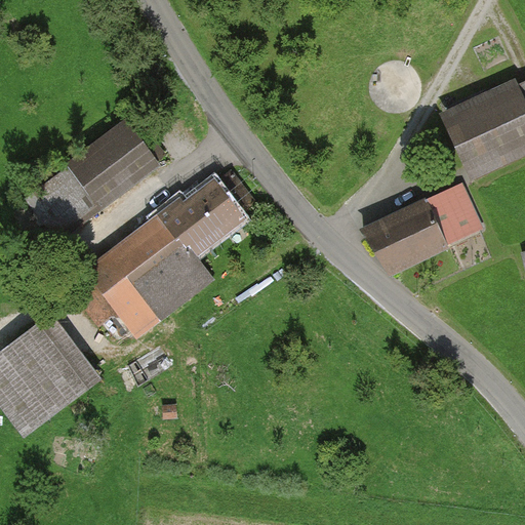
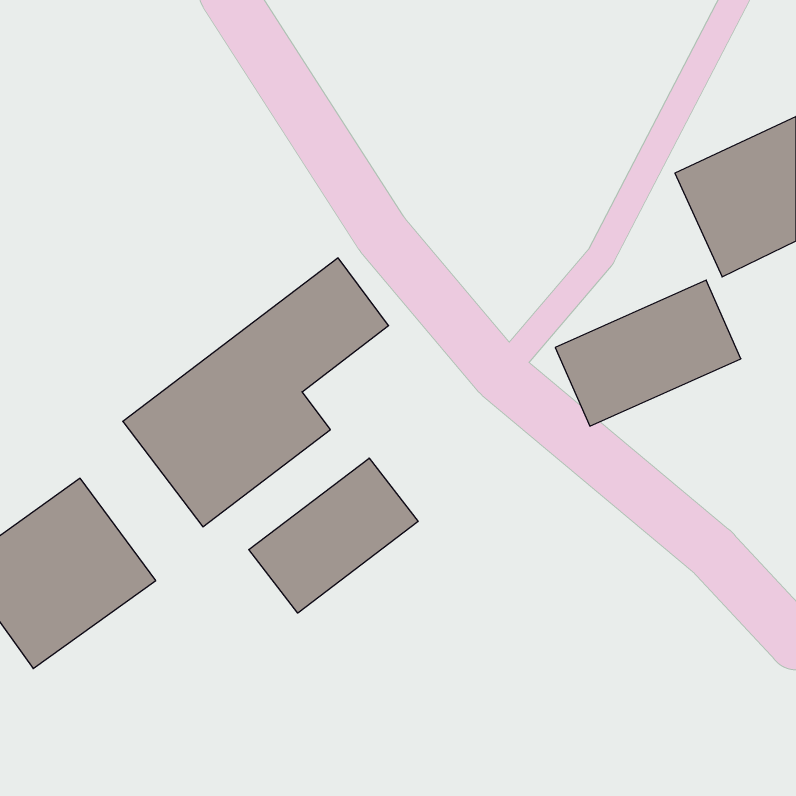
building: [21,117,159,241] -> none
building: none -> [249,458,418,613]

